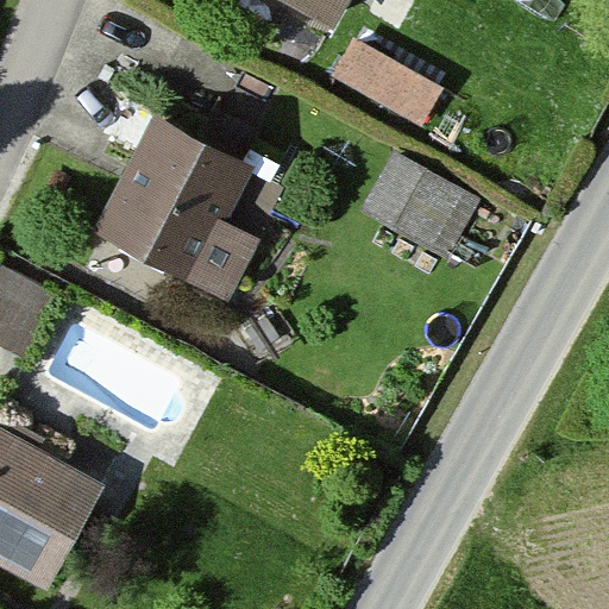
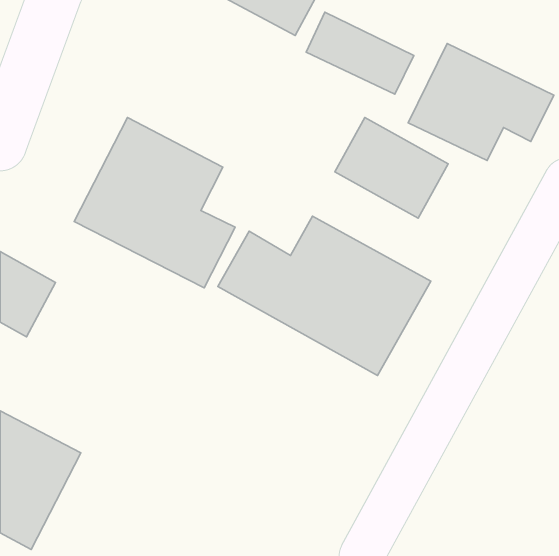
building: none -> [408,43,554,161]
building: none -> [218,216,431,376]

